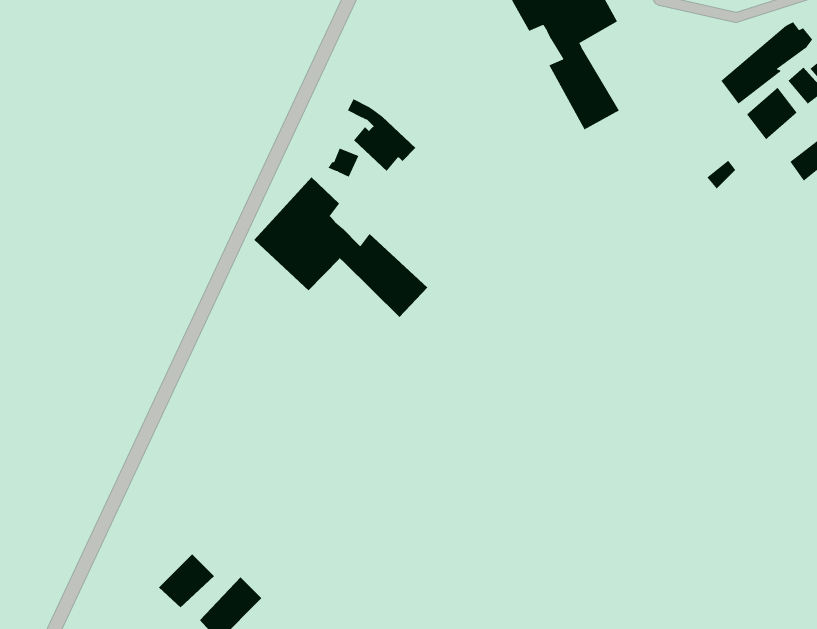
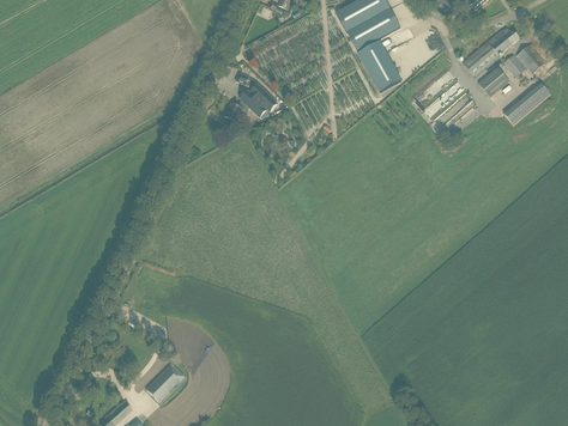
building: [253,177,428,318] -> none
building: [158,554,215,608] -> none

